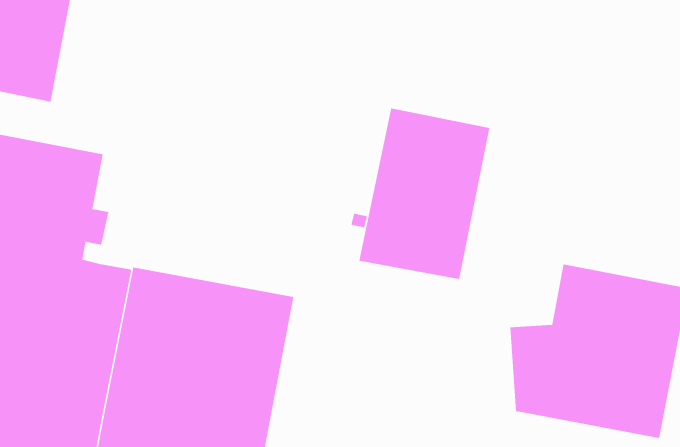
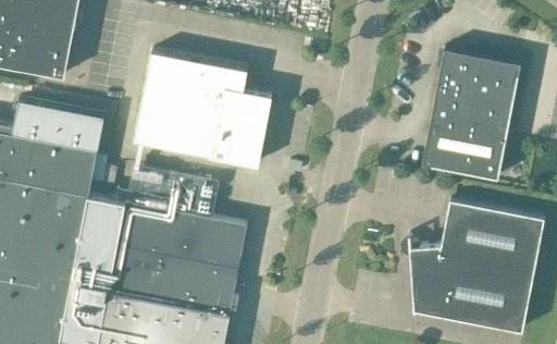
building: none -> [134,53,271,167]
building: [359,108,490,280] -> [421,50,520,180]

